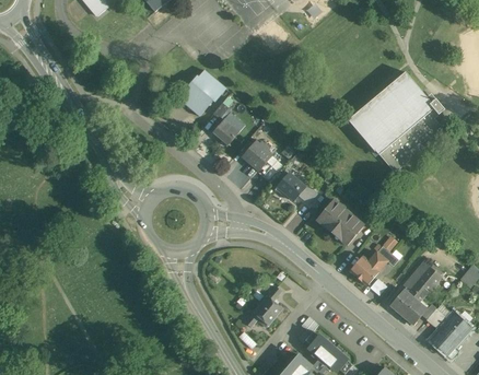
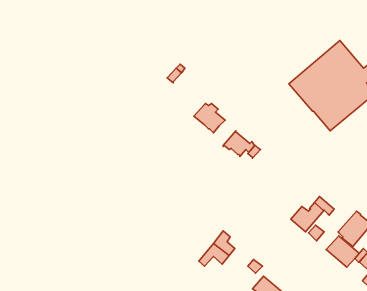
building: [177,69,225,115] -> none
building: [213,112,244,142] -> none
building: [316,199,363,245] -> none

